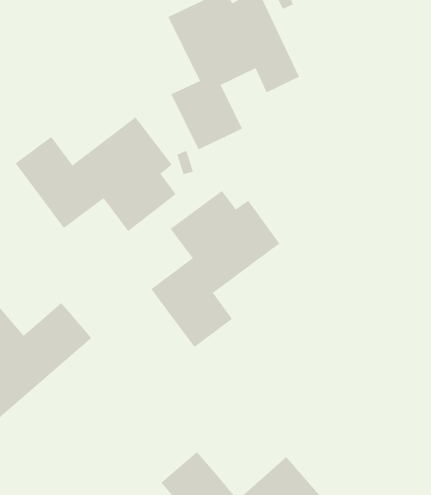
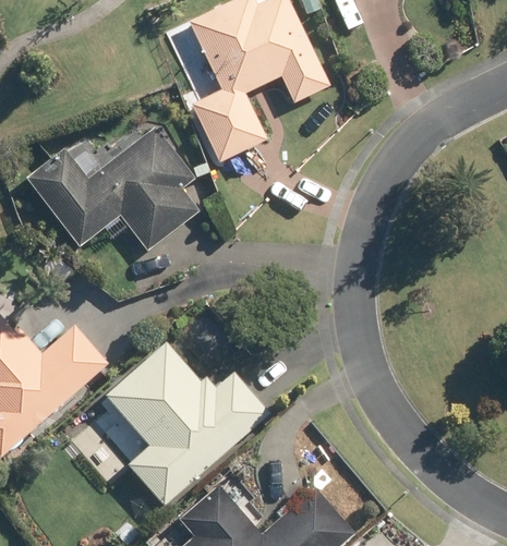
building: [151,190,280,348] -> none
building: none -> [107,344,268,505]

